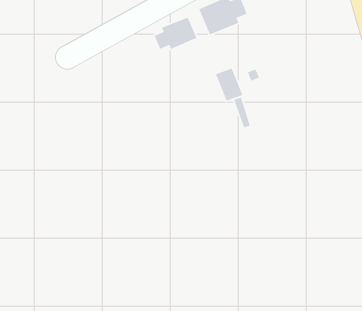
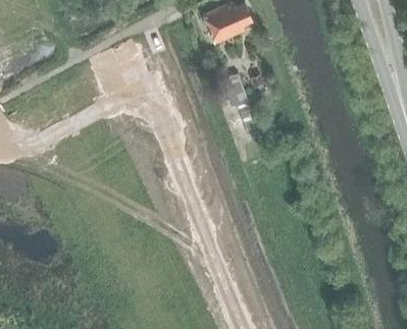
building: [154,16,198,50] -> none

